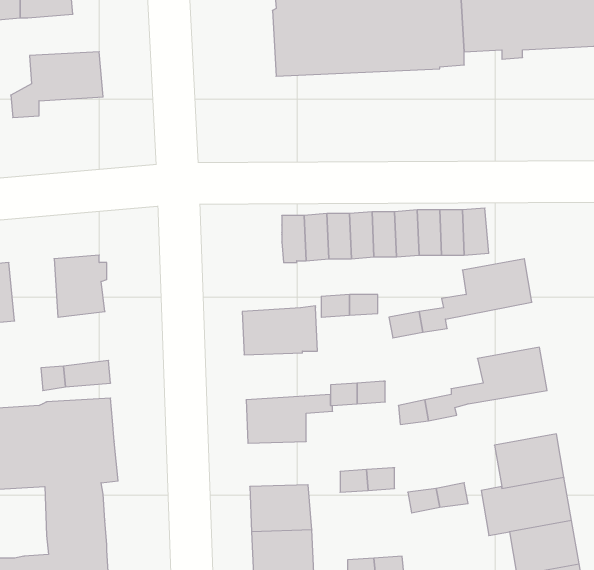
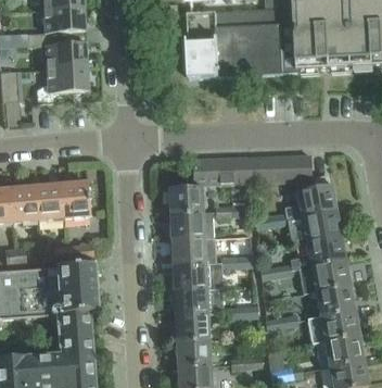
building: none -> [46,42,87,66]
building: none -> [35,184,63,220]
building: none -> [168,186,203,214]
building: none -> [286,209,341,243]
building: none -> [170,238,205,265]
building: none -> [300,260,351,293]
building: none -> [173,288,224,315]

